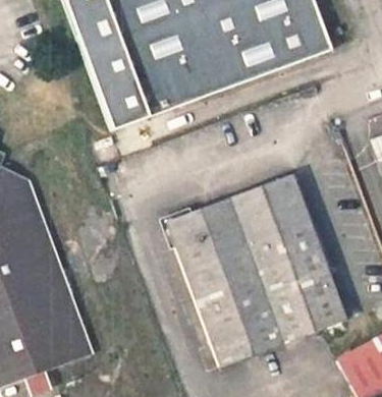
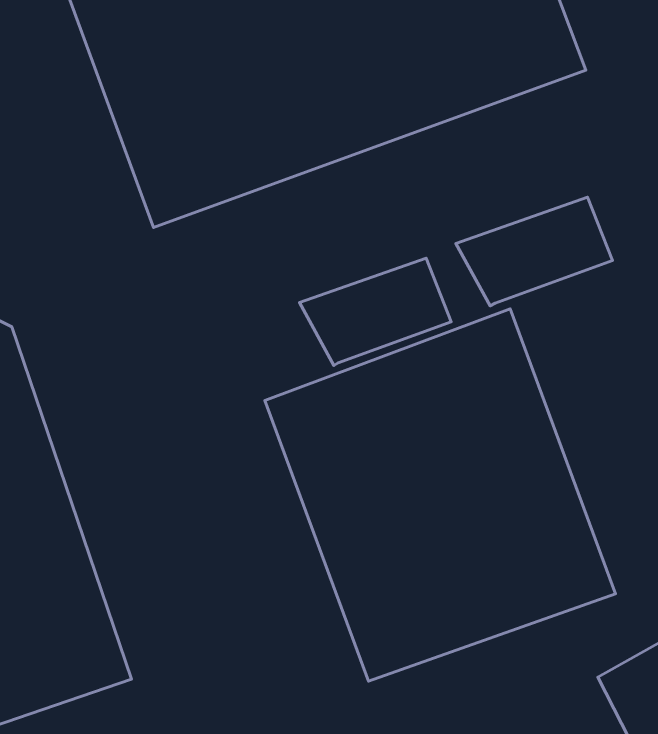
building: none -> [456,197,613,306]
building: none -> [299,258,451,365]

